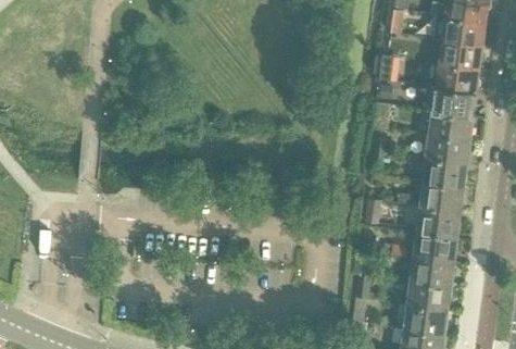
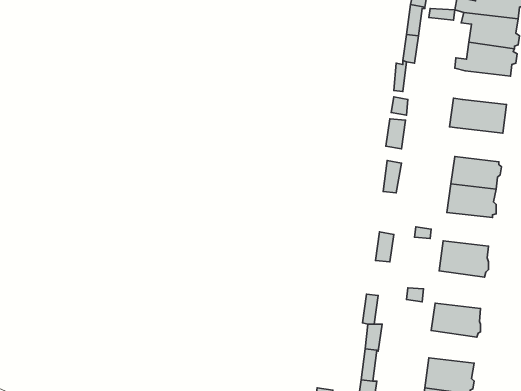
building: [436,74,477,102] -> none
building: [429,122,470,150] -> none
building: [419,192,462,221] -> none
building: [413,241,455,273] -> none
building: [407,291,450,319] -> none

